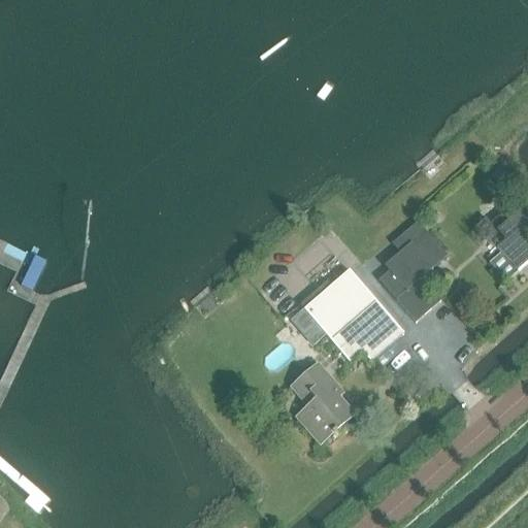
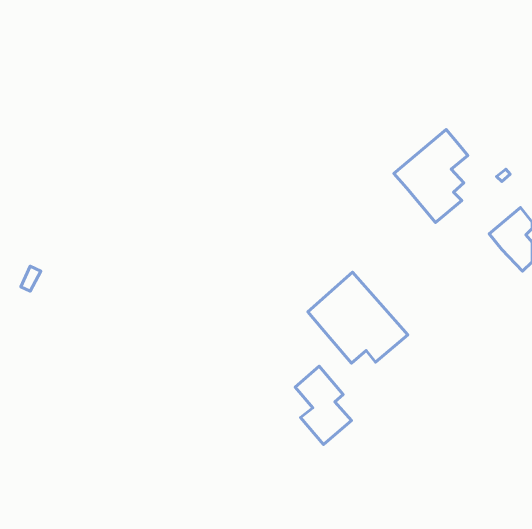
building: [373,228,447,320] -> [394,130,468,222]
building: [291,308,325,344] -> none

